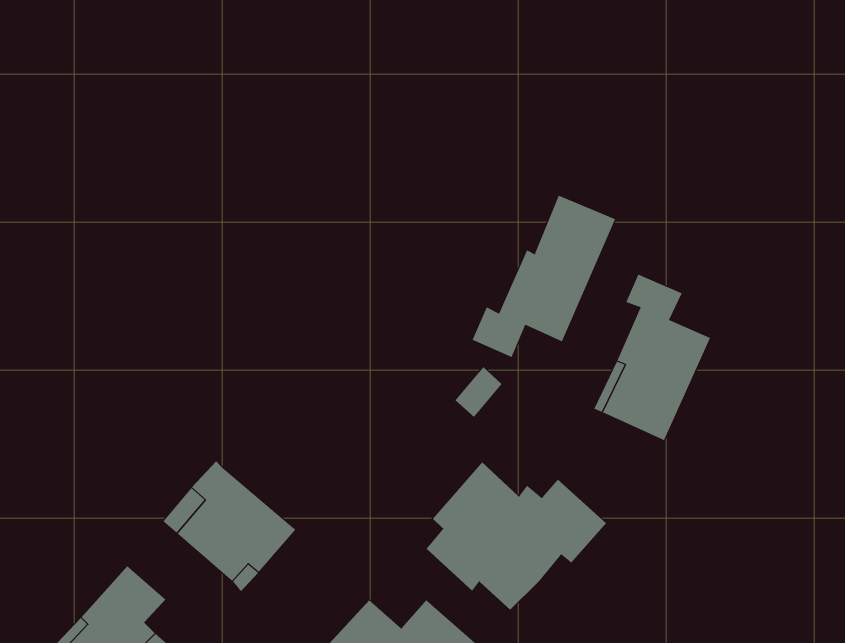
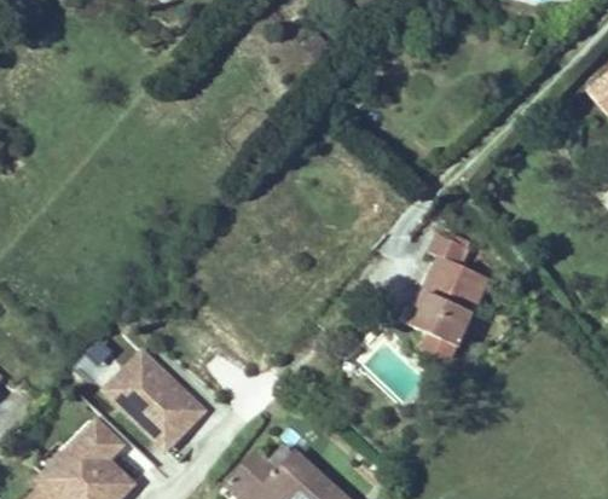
building: [472,195,616,358] -> none
building: [426,462,607,610] -> none

